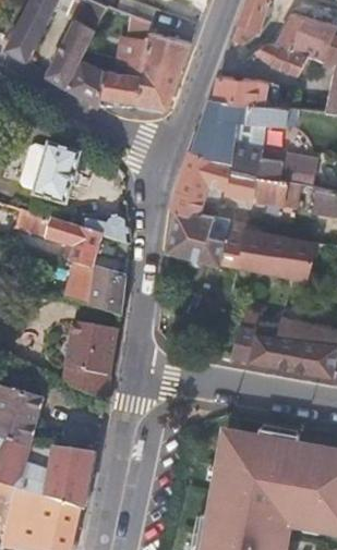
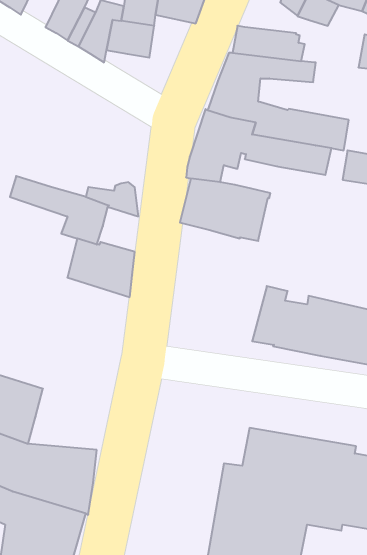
building: [140,65,181,109] -> none
building: [21,144,82,207] -> none
building: [237,229,318,280] -> none
building: [62,322,119,403] -> none

